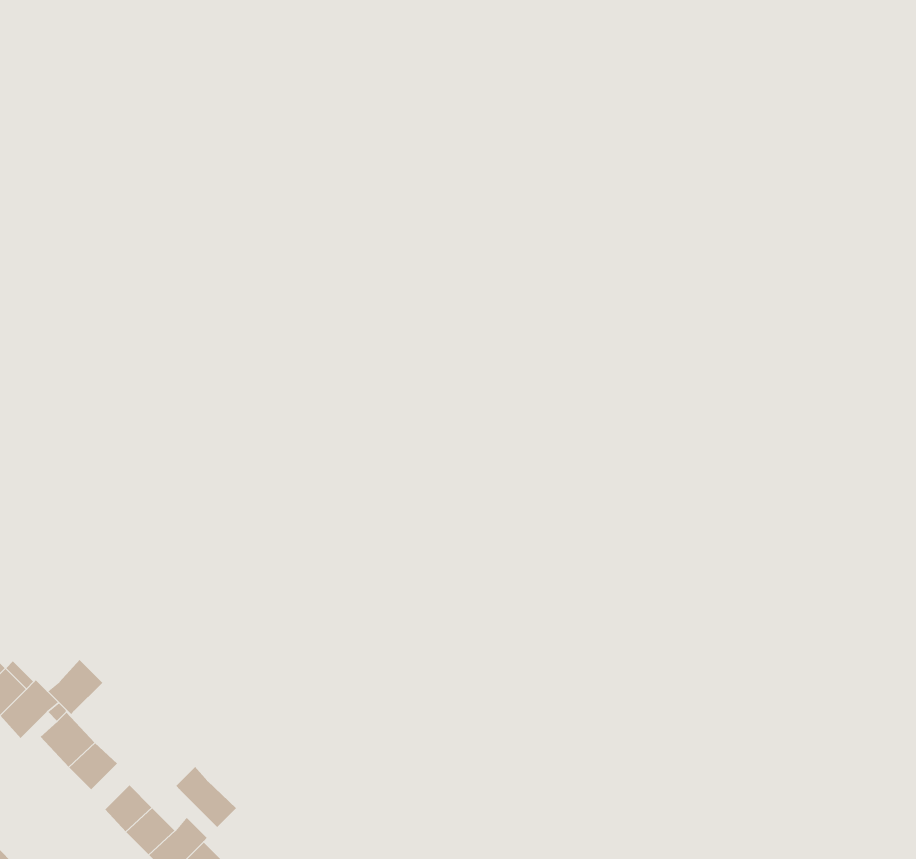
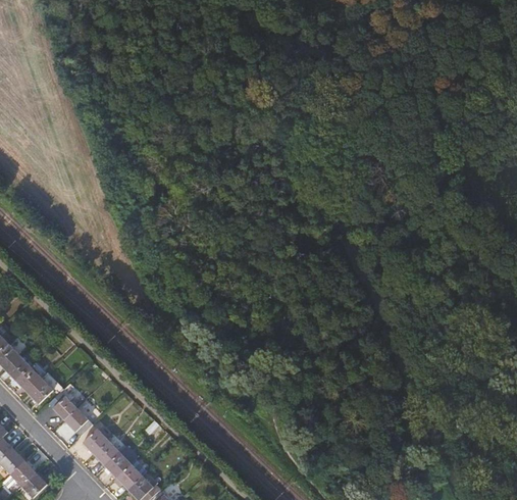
building: [47,659,103,715] -> none
building: [175,766,237,828] -> none

